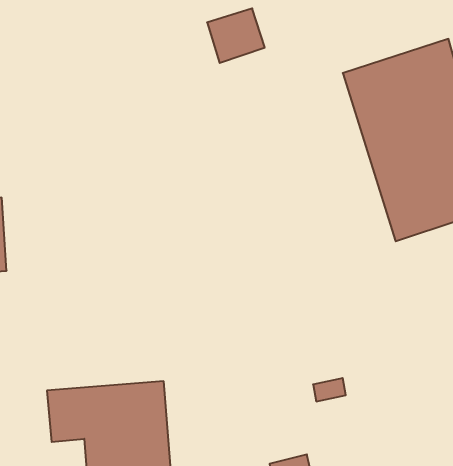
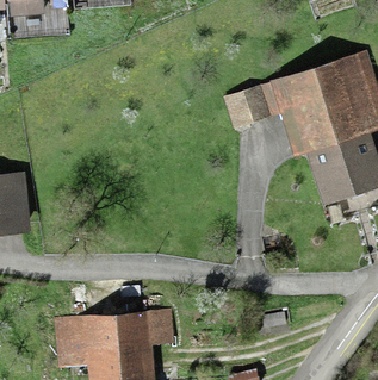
building: [207,8,265,63] -> [224,86,268,127]

